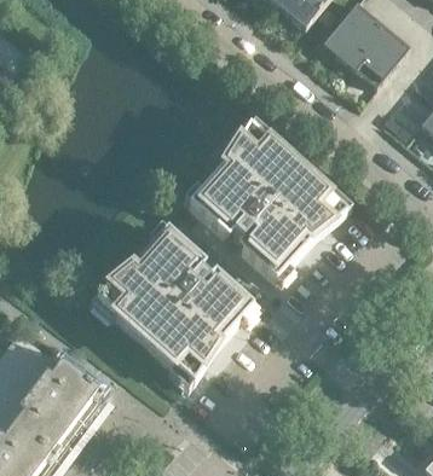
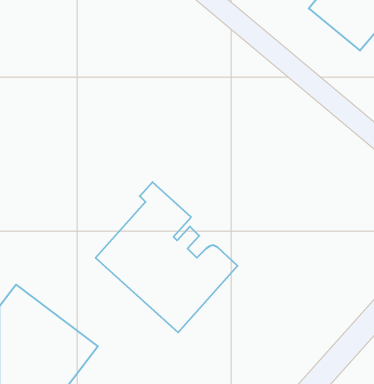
building: [184,130,342,277] -> none

